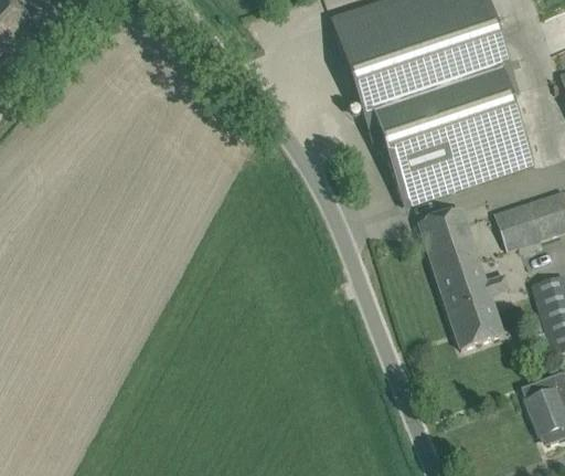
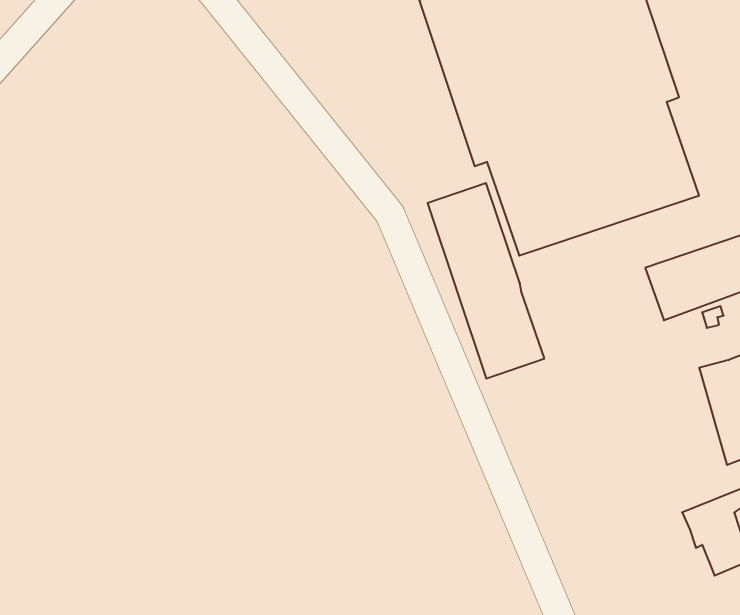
building: [420,208,504,348] -> [428,183,544,378]

